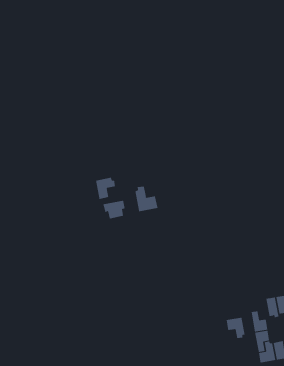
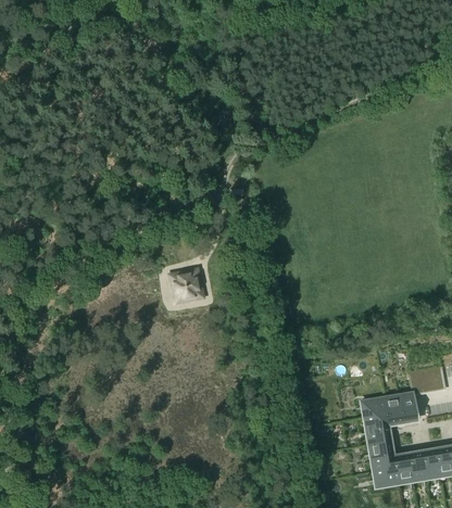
building: [95,177,116,200] -> none
building: [135,186,158,212] -> none
building: [226,317,245,339] -> [364,397,390,426]

